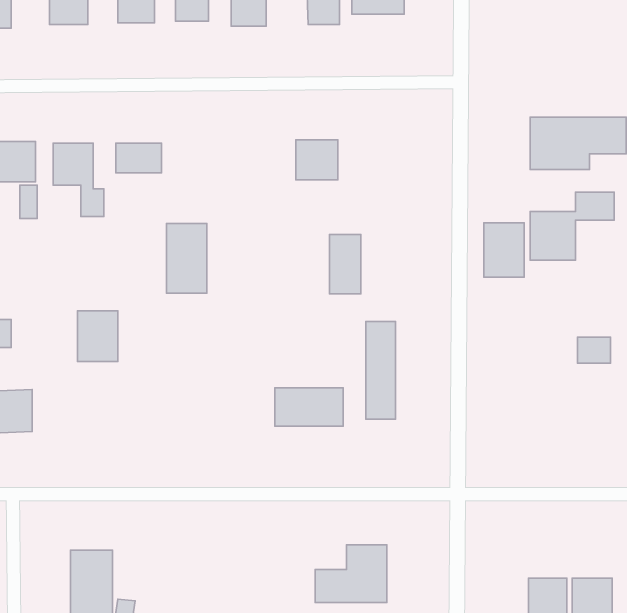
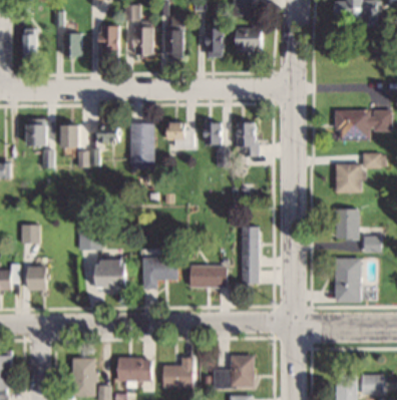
building: none -> [167,122,189,142]
building: [484,223,524,277] -> [336,209,359,240]
building: [167,223,207,293] -> [132,122,155,162]
building: [329,235,361,294] -> [240,121,258,155]
building: none -> [142,258,176,287]
building: none -> [336,258,362,302]
building: none -> [93,259,130,289]
building: none -> [117,357,153,381]
building: none -> [162,357,193,386]

